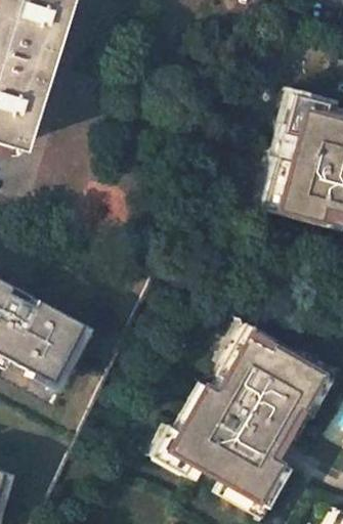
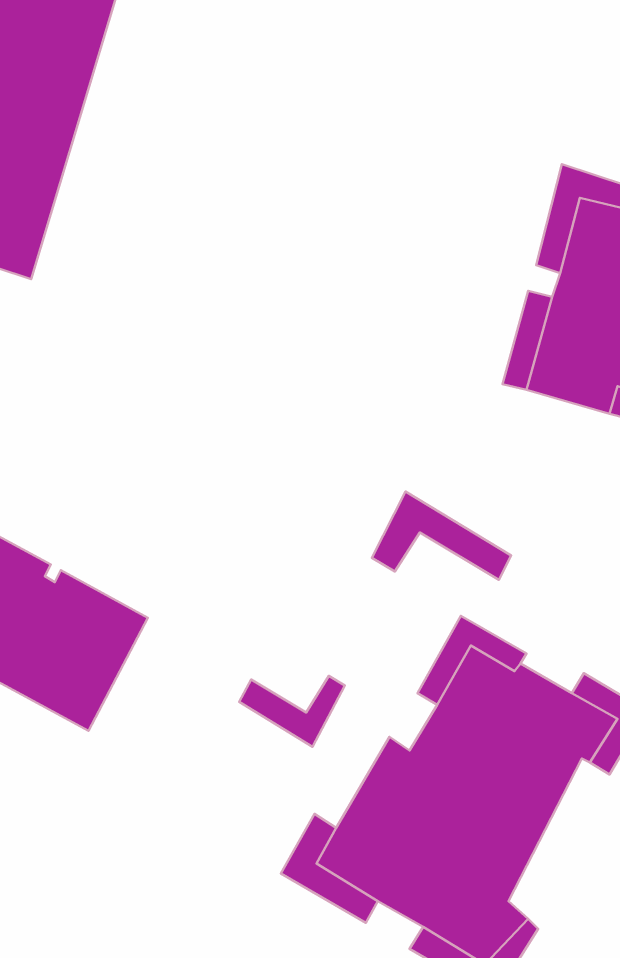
building: none -> [372,491,511,580]
building: none -> [239,676,345,747]

